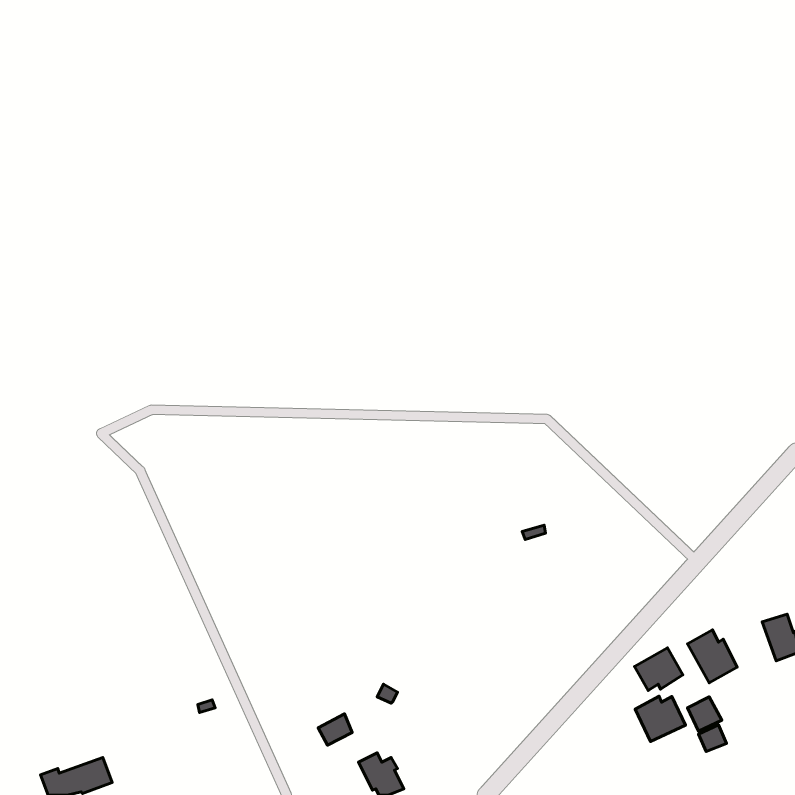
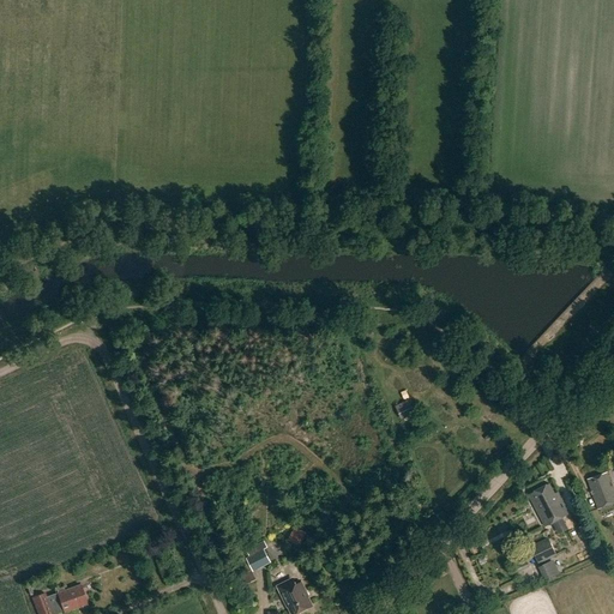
building: [635,648,683,691] -> none
building: [635,696,685,742] -> none

